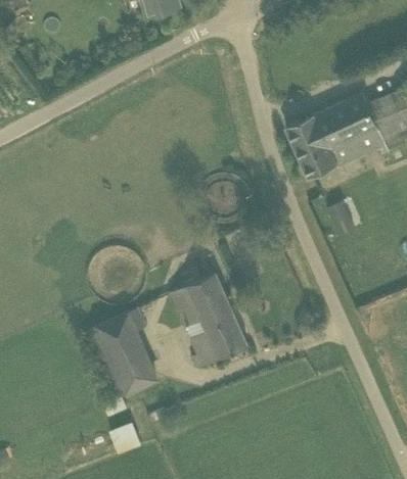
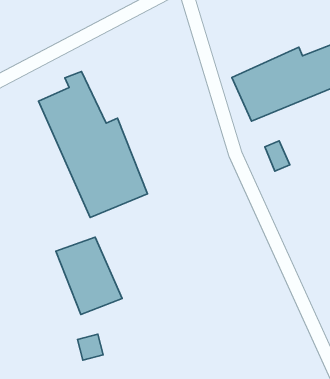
building: none -> [38,72,147,218]
building: [170,272,247,369] -> none

